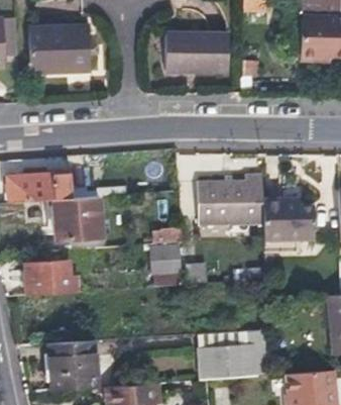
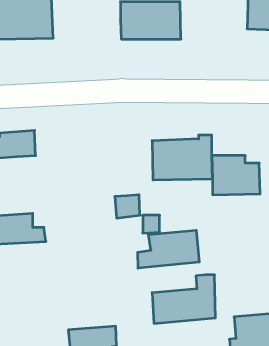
building: [52,196,100,240] -> none
building: none -> [138,230,199,268]
building: [47,338,97,391] -> none

